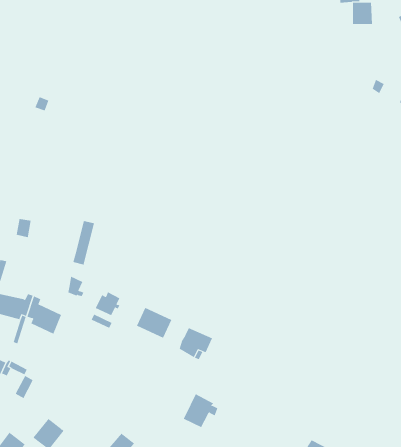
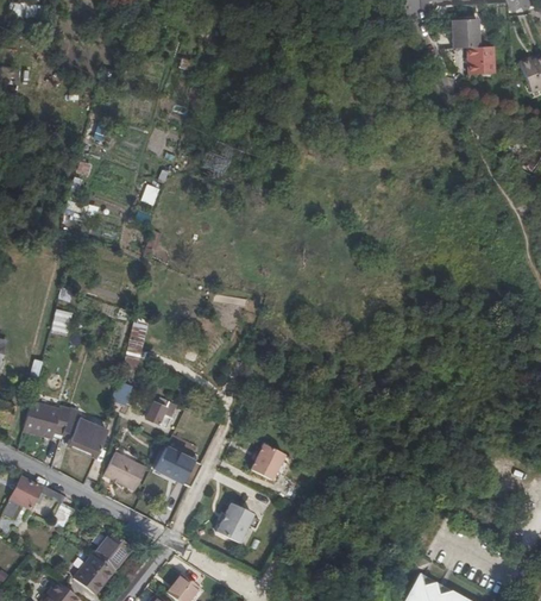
building: [136,307,172,338] -> [156,447,200,486]
building: none -> [97,450,145,490]
building: [183,394,218,428] -> [216,500,259,541]
building: none -> [89,530,126,566]

